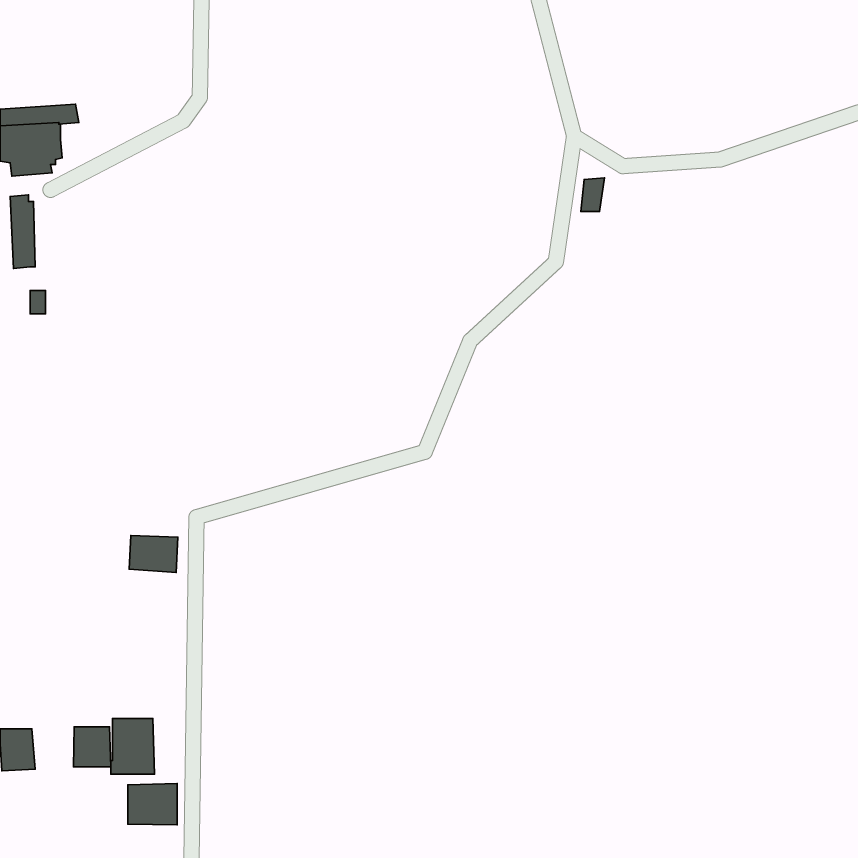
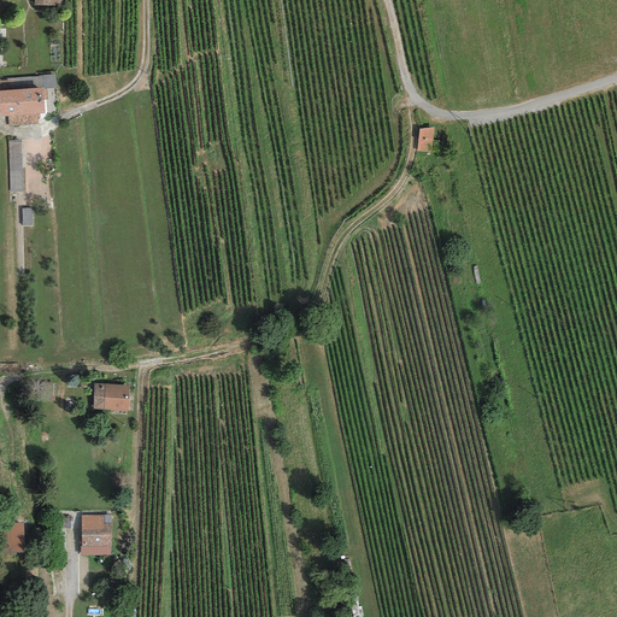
building: [74,727,111,767] -> none
building: [128,784,177,825] -> none

